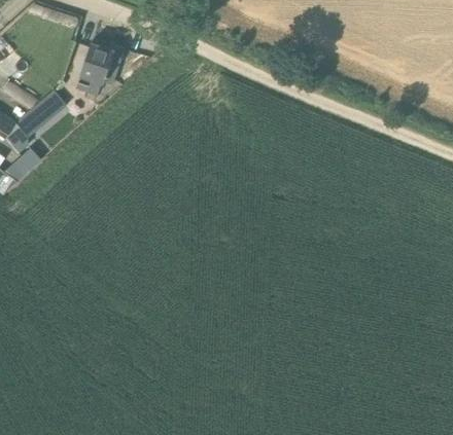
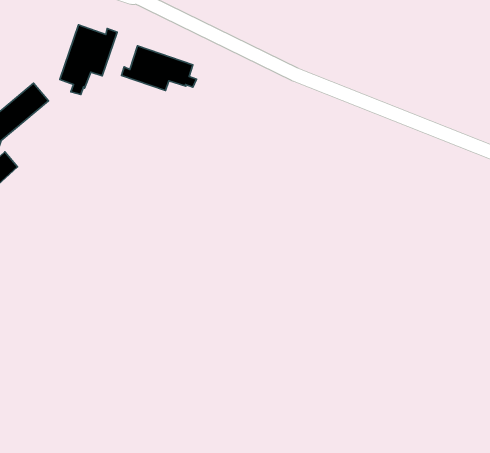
building: none -> [121,46,197,90]

